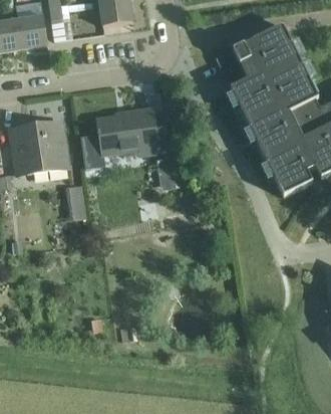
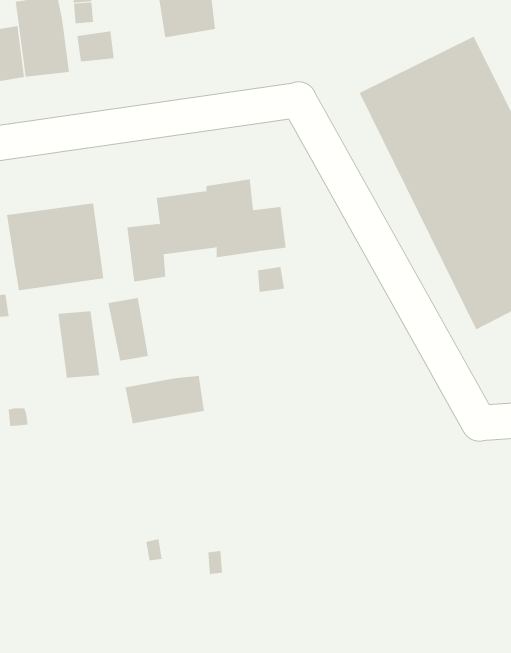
building: none -> [58,310,100,379]
building: none -> [125,375,205,424]

